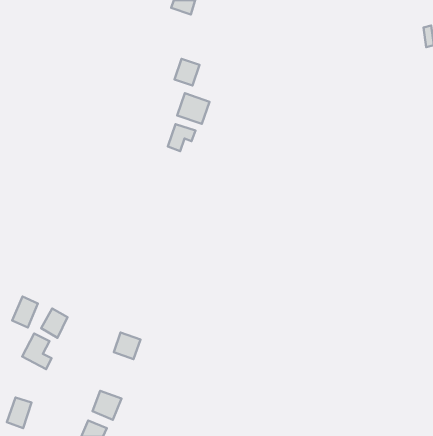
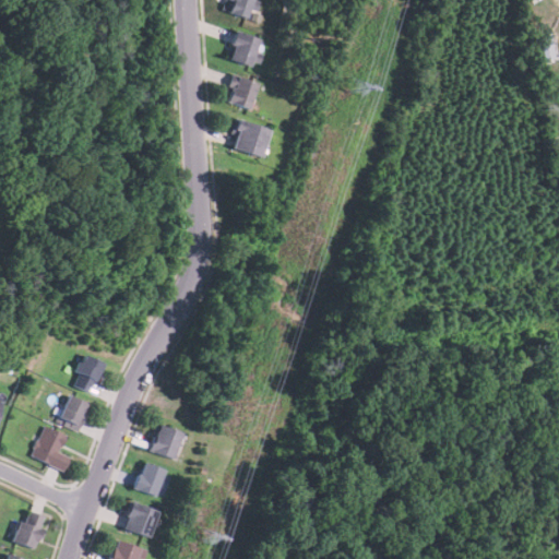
building: none -> [227,32,263,69]
building: [168,124,195,151] -> none
building: [12,297,38,327] -> [73,355,106,394]
building: none -> [135,462,167,497]

